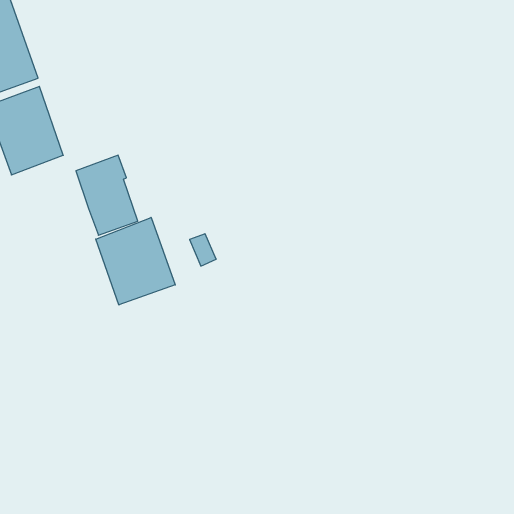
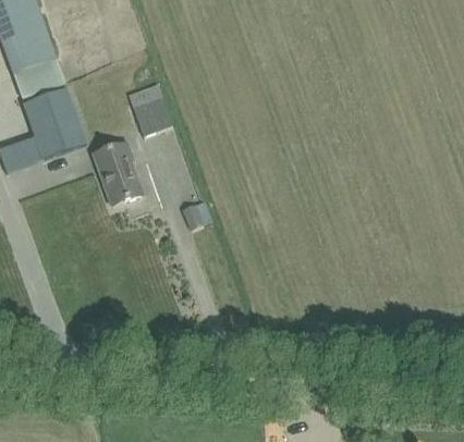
building: none -> [129,81,172,135]
building: [96,217,175,305] -> none

